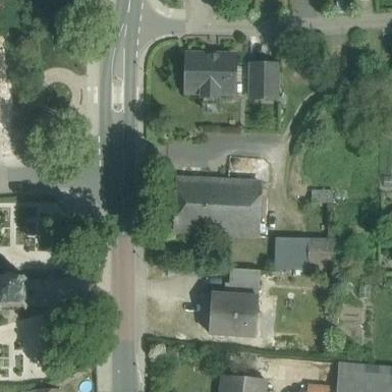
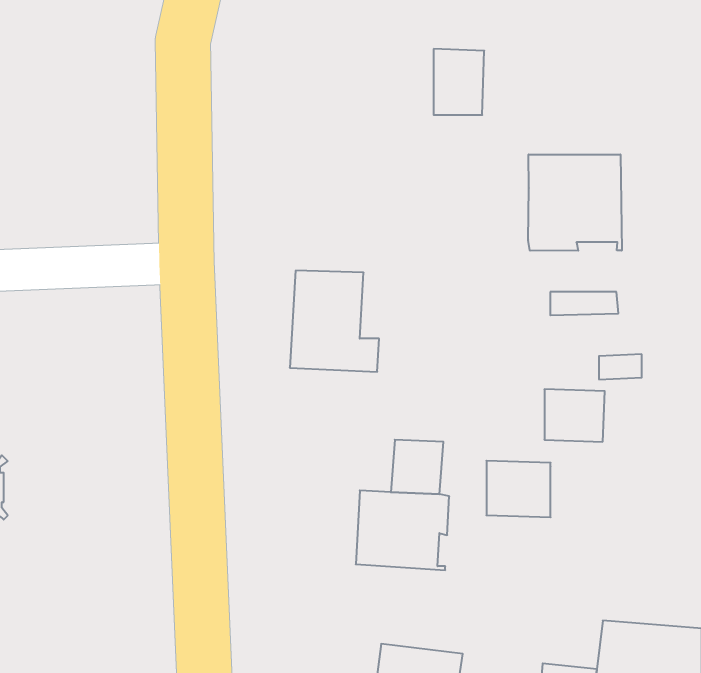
building: [185,54,235,96] -> none
building: none -> [528,154,622,251]
building: [212,179,260,233] -> none
building: [275,237,309,267] -> [486,461,551,517]

